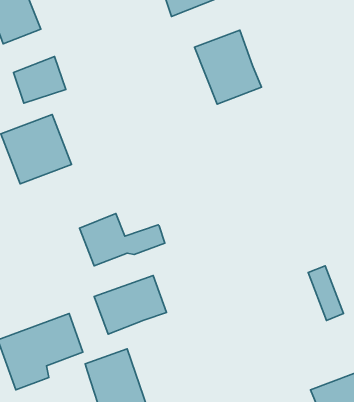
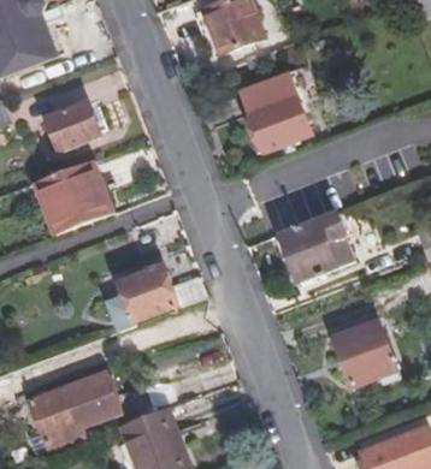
building: none -> [278,209,358,283]
building: none -> [331,327,377,386]
building: [94,276,167,334] -> none

